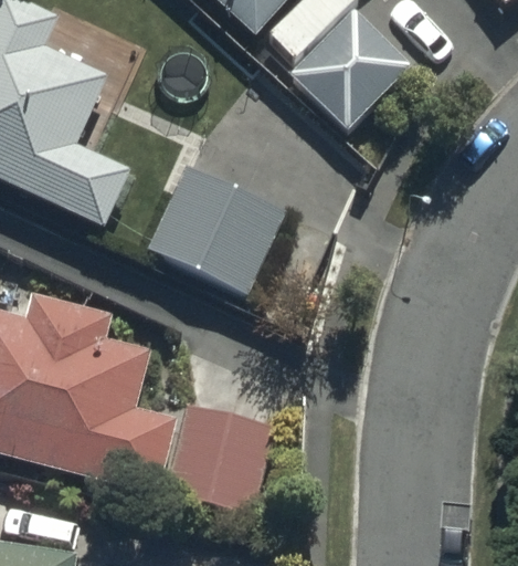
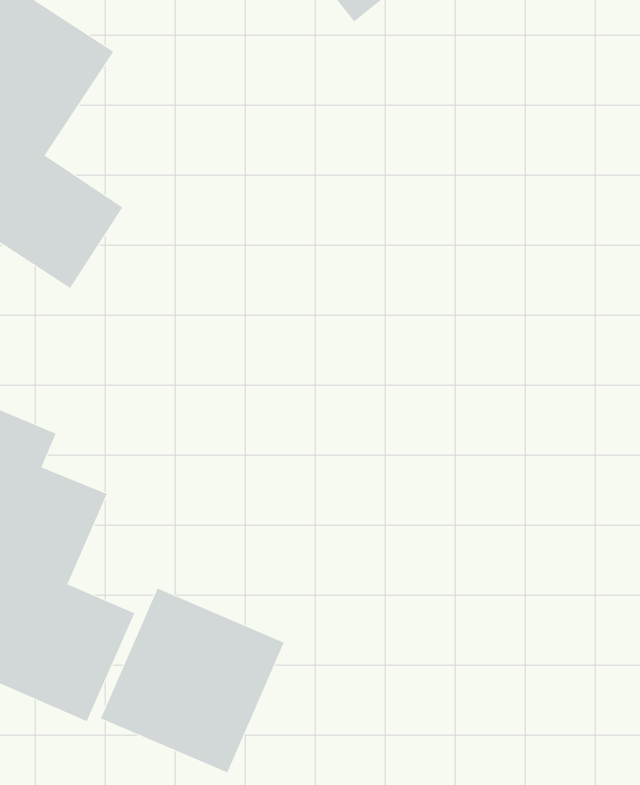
building: [292,18,410,136] -> none
building: [142,168,286,302] -> none

